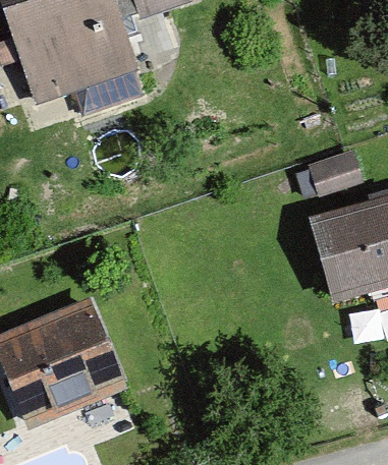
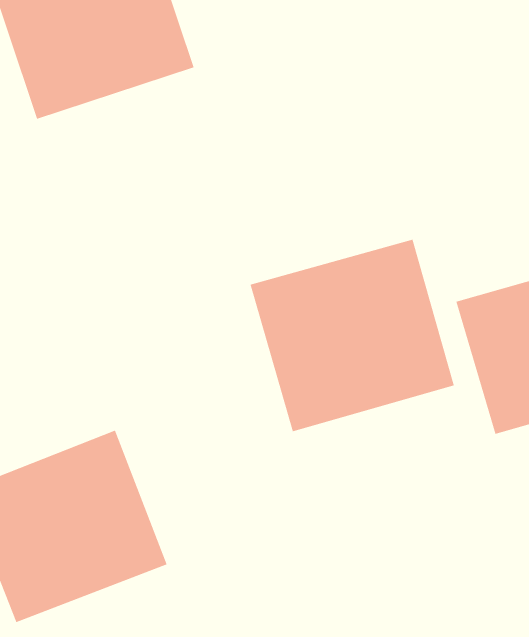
building: none -> [250,239,454,432]

